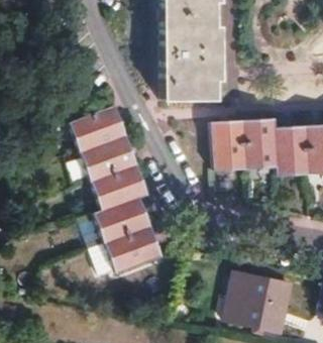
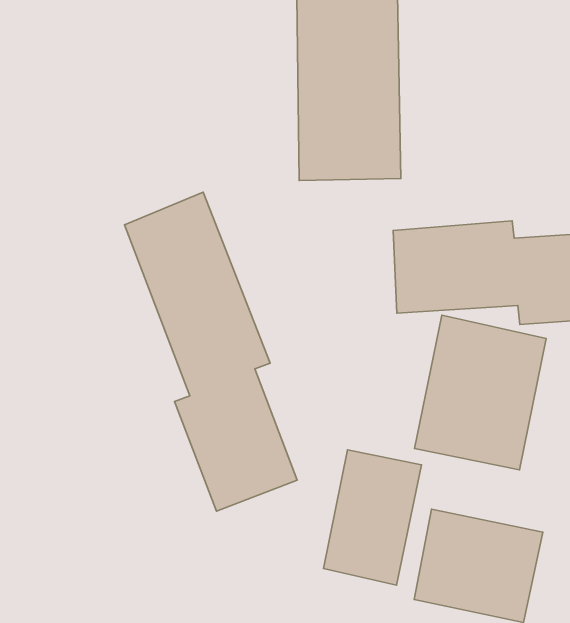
building: none -> [414,315,546,470]
building: none -> [323,450,422,585]

